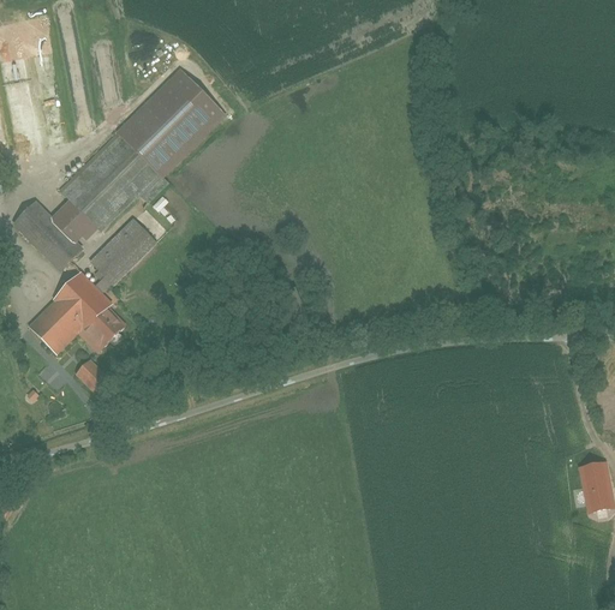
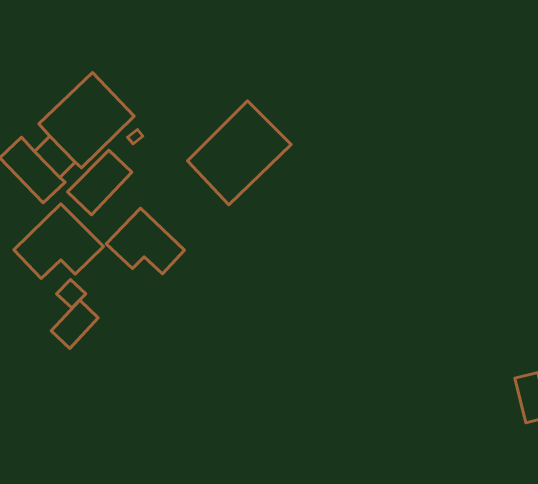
building: [115,64,229,178] -> [187,101,291,205]
building: none -> [106,208,185,274]
building: none -> [51,300,98,349]

